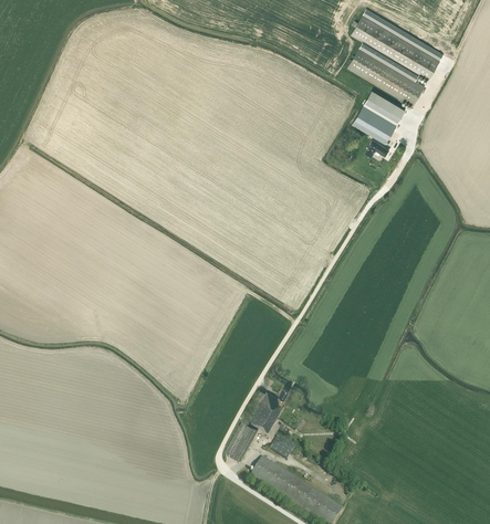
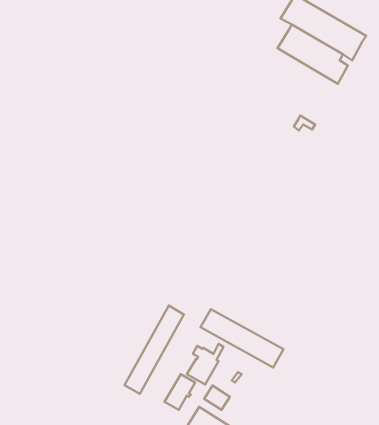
building: [352,88,406,143] -> none
building: none -> [124,306,184,394]
building: none -> [201,309,283,367]

